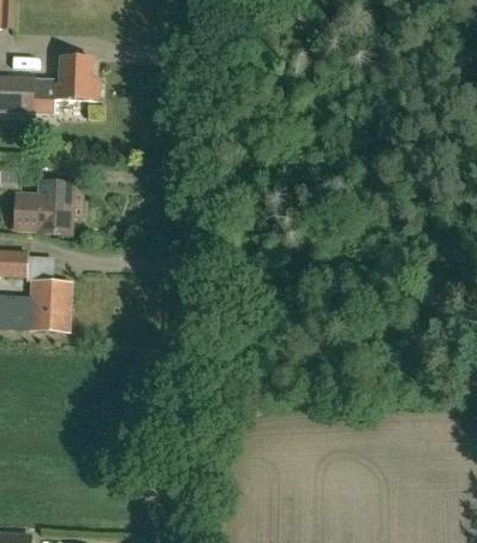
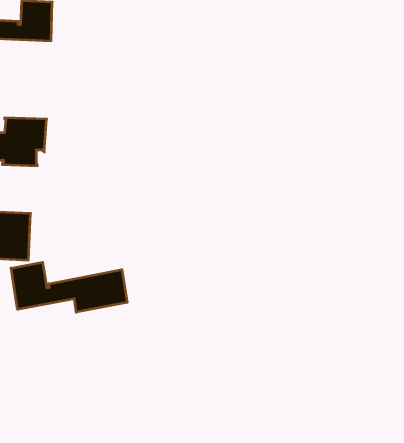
building: none -> [11,262,127,312]

